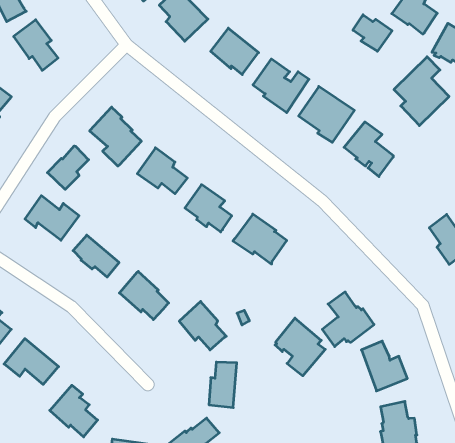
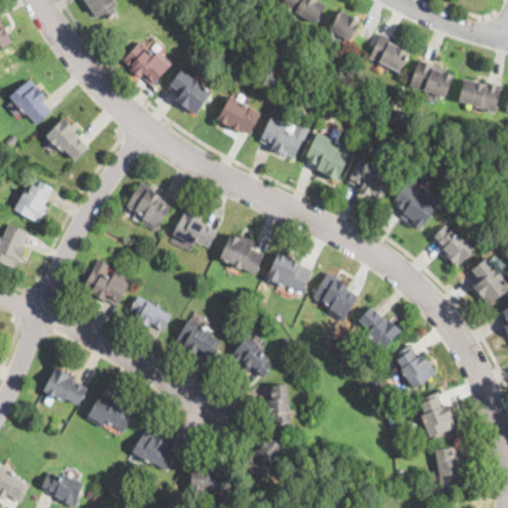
building: [353,15,392,51] -> none
building: [394,57,449,126] -> [391,170,440,231]
building: [47,146,89,189] -> none
building: [275,318,325,376] -> [313,272,357,321]

